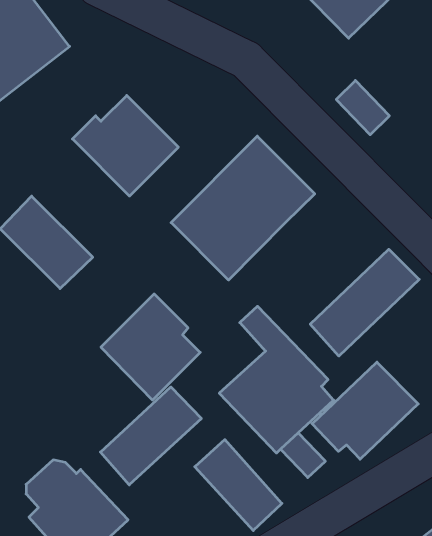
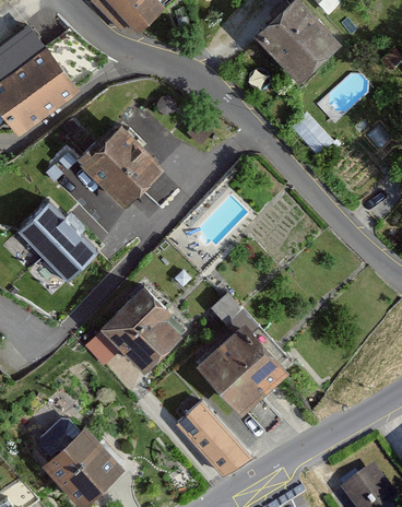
building: [171,136,315,280] -> none
building: [310,249,419,356] -> none
building: [312,362,418,459] -> none
building: [100,387,201,485] -> none

